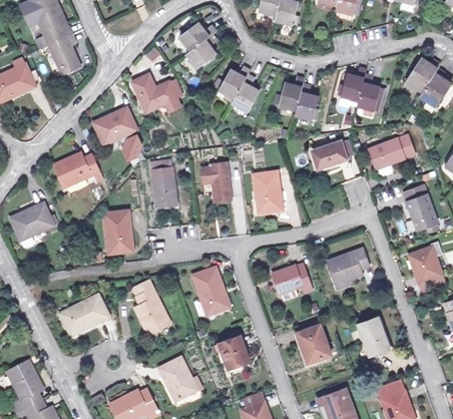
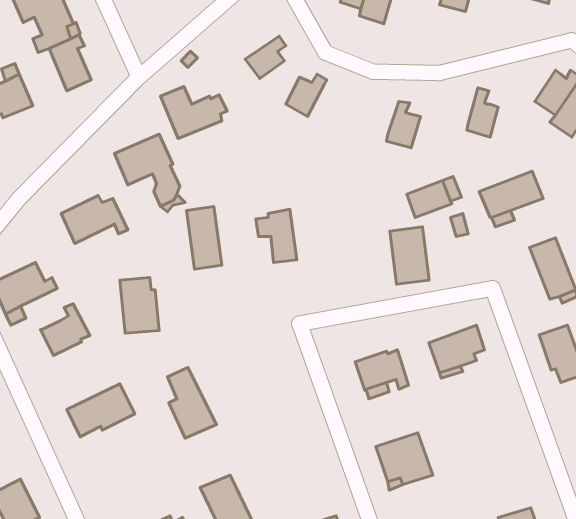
building: [185,20,222,50] -> none
building: [340,67,366,99] -> none
building: [237,71,262,106] -> none
building: [281,77,307,107] -> none
building: [252,170,281,213] -> [390,227,429,284]
building: none -> [41,304,90,355]
building: [192,269,228,317] -> none
building: [364,317,395,354] -> none
building: [217,335,249,370] -> none

